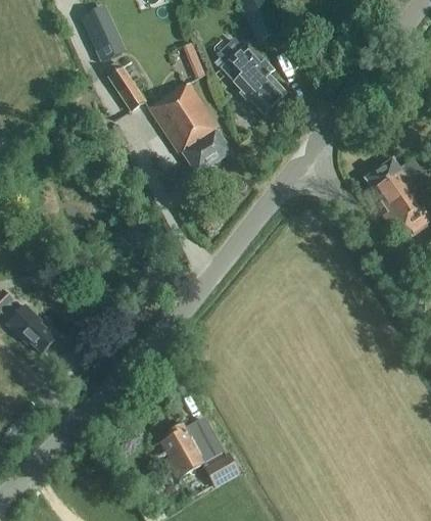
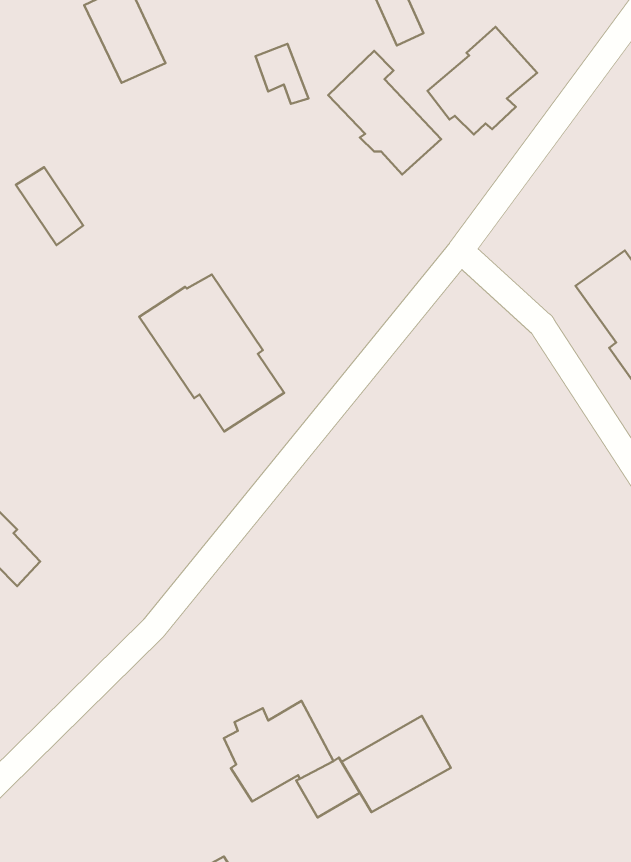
building: none -> [428,27,537,134]
building: [106,66,145,111] -> [16,167,83,245]
building: [147,84,231,175] -> [139,274,284,432]
building: none -> [341,716,451,812]

